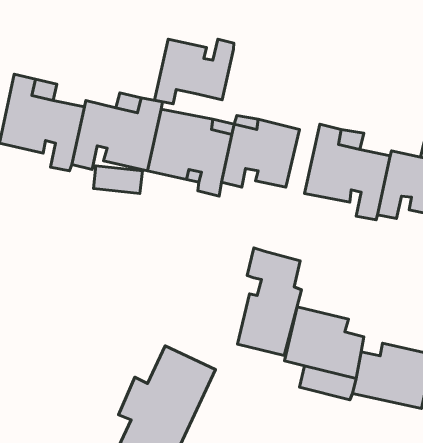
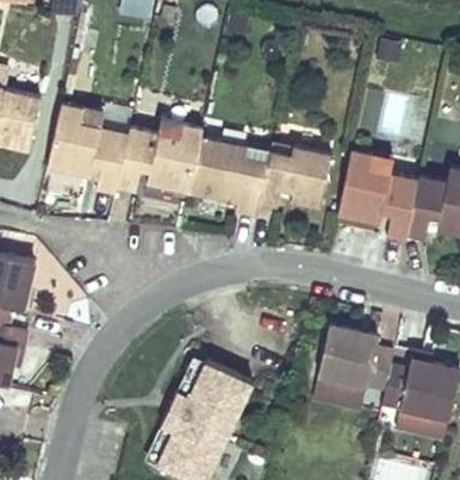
building: [155,39,234,104] -> none
building: [237,248,301,356] -> none

